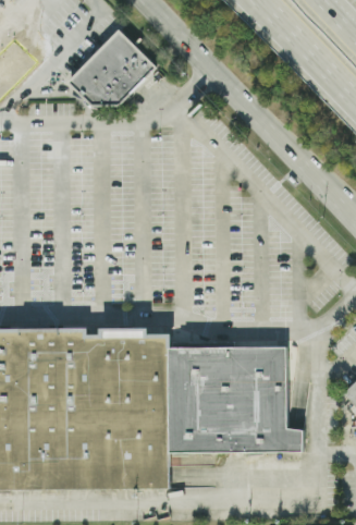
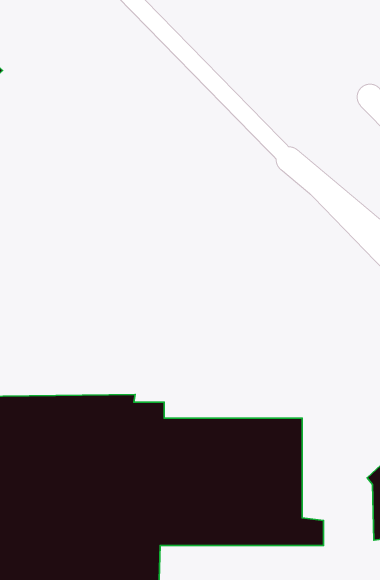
building: [70,28,160,103] -> none

